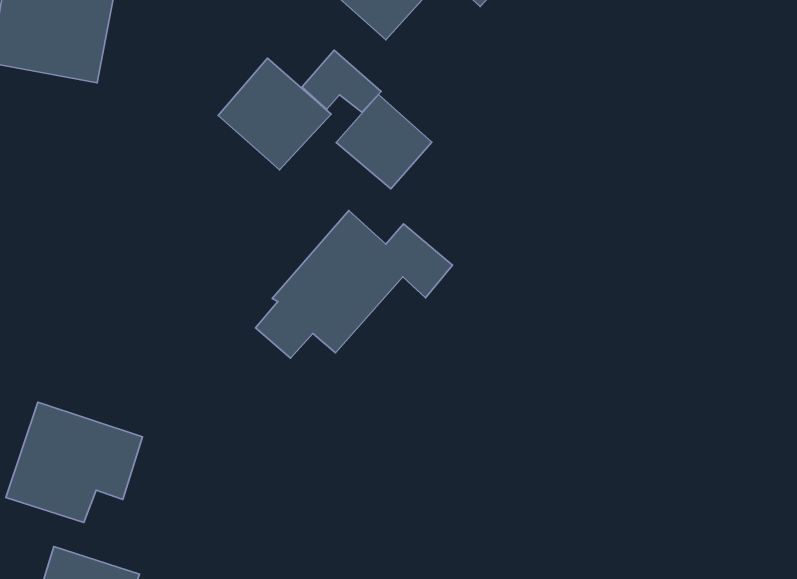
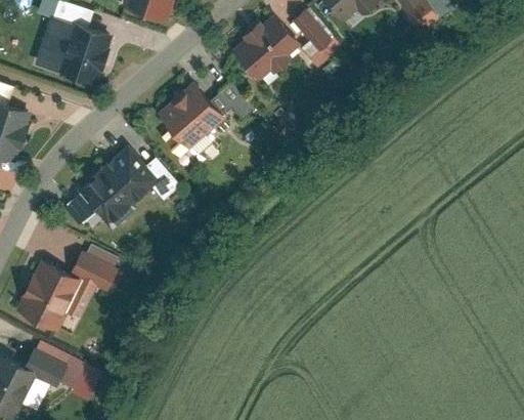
building: [336,94,432,189] -> none
building: [256,210,452,358] -> [66,146,180,225]
building: none -> [71,246,118,292]

